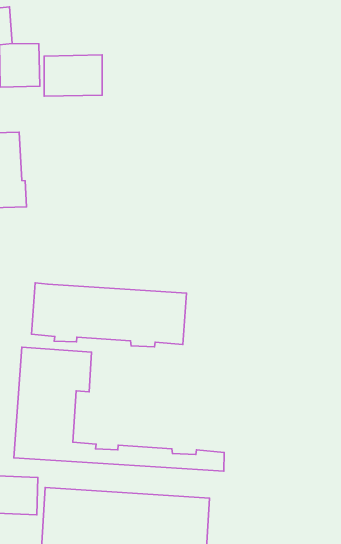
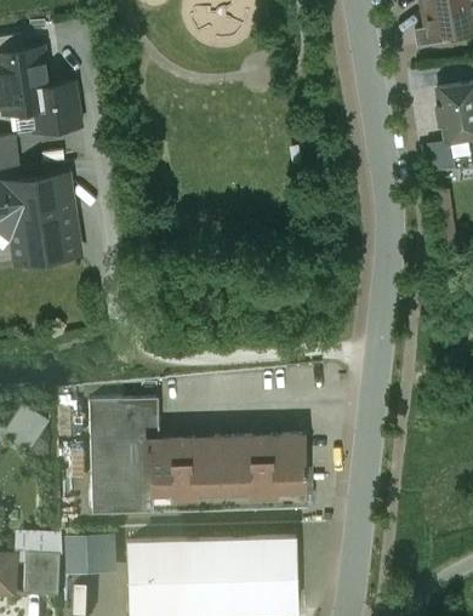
building: [44,55,102,96] -> none
building: [31,283,187,347] -> [148,435,307,497]

